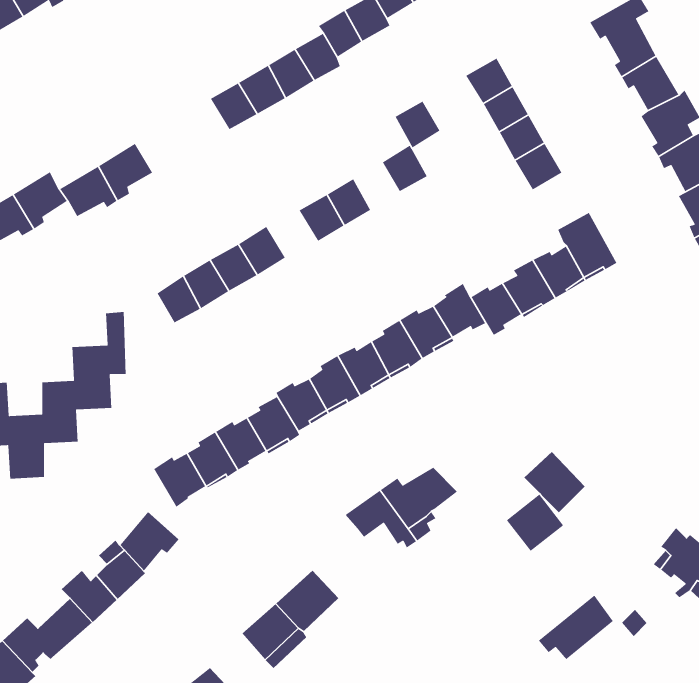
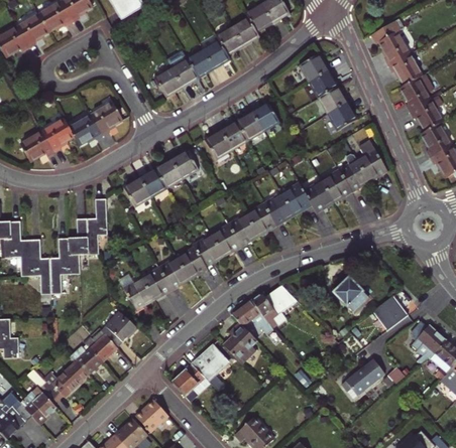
building: [395,101,441,148] -> [236,113,262,140]
building: [506,493,564,552] -> [372,296,406,329]
building: none -> [222,321,256,363]

